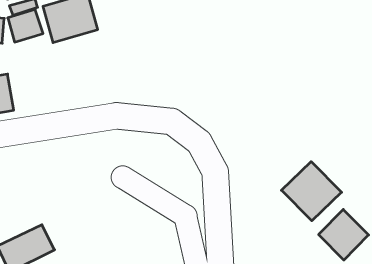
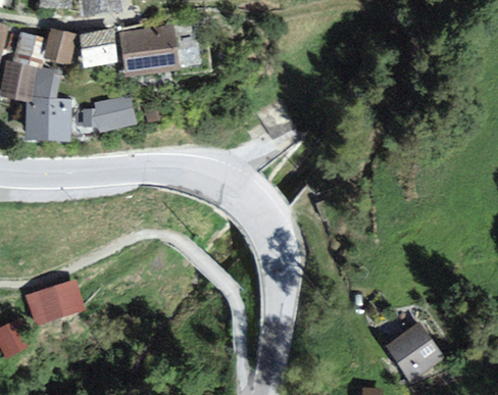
building: none -> [94,94,137,131]
building: [281,162,342,221] -> none

